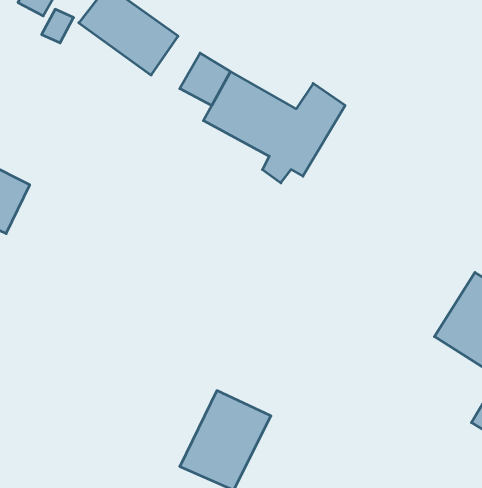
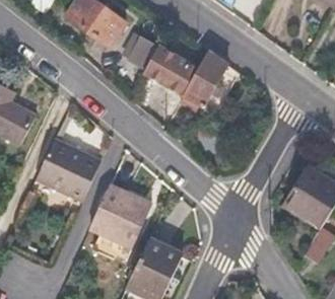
building: none -> [39,139,103,200]
building: none -> [90,184,150,243]

